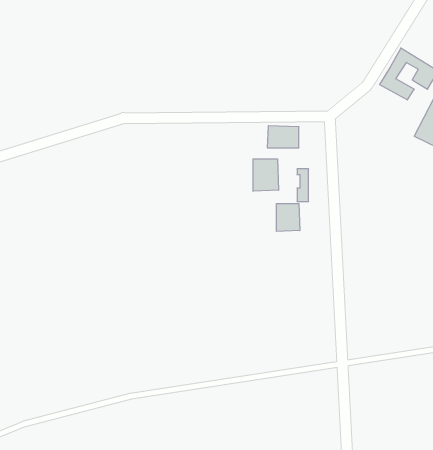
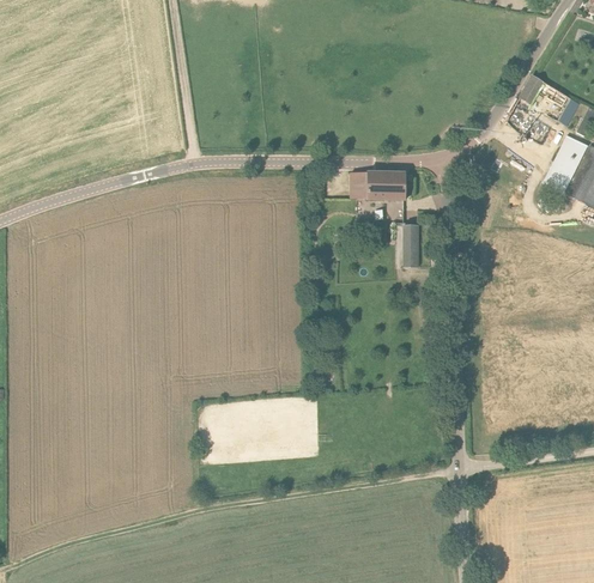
building: [253,159,279,191] -> none
building: [276,204,300,231] -> none

